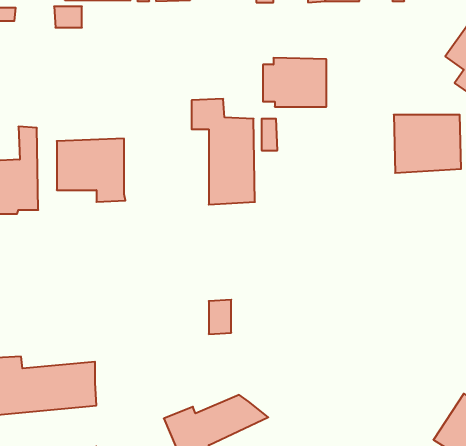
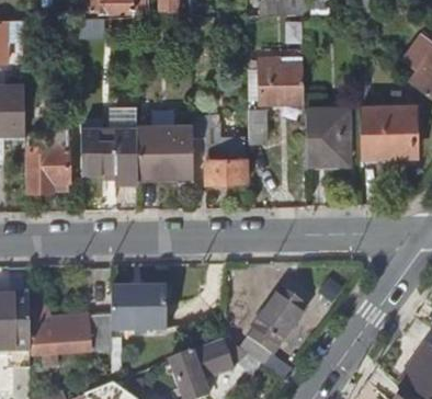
building: none -> [307,107,350,163]
building: none -> [136,125,192,174]
building: none -> [239,273,323,368]
building: none -> [112,286,169,331]

